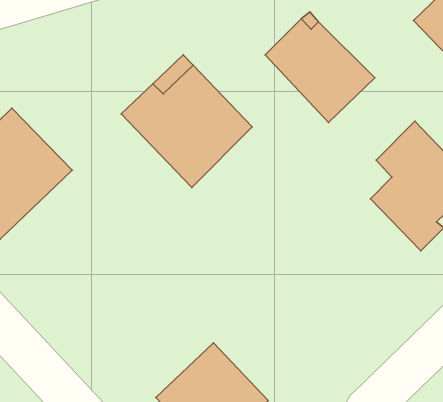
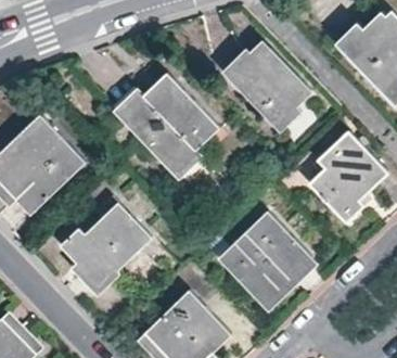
building: none -> [61,192,152,282]
building: none -> [220,213,313,304]

